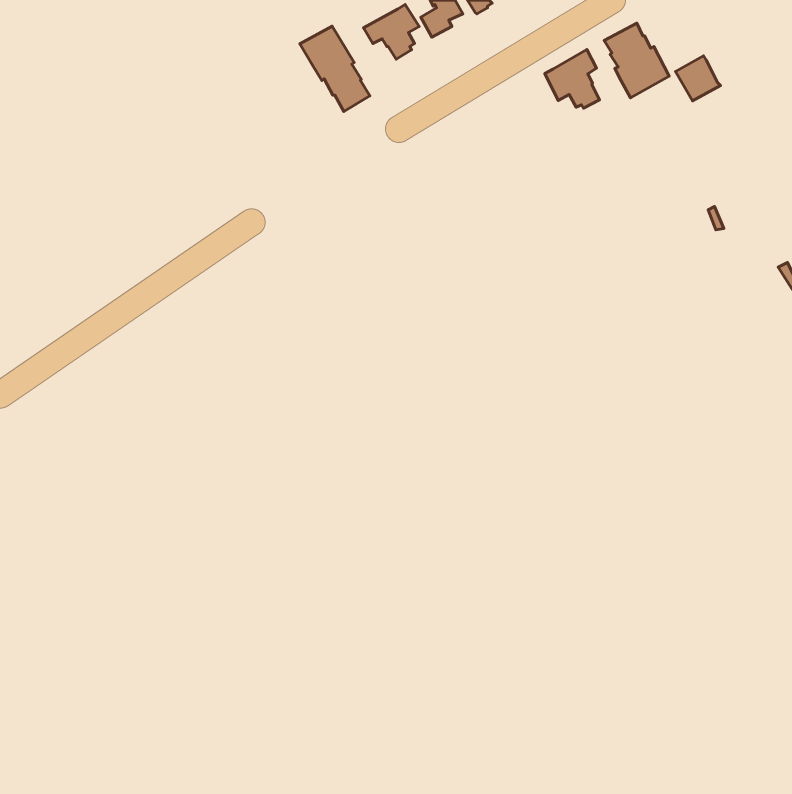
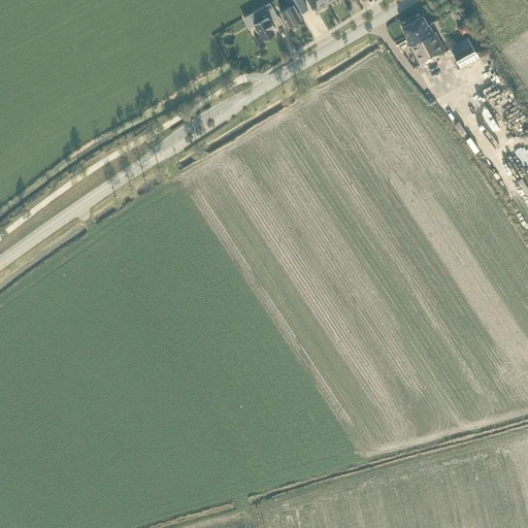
building: [300,26,370,112] -> none
building: [545,49,600,108] -> none

